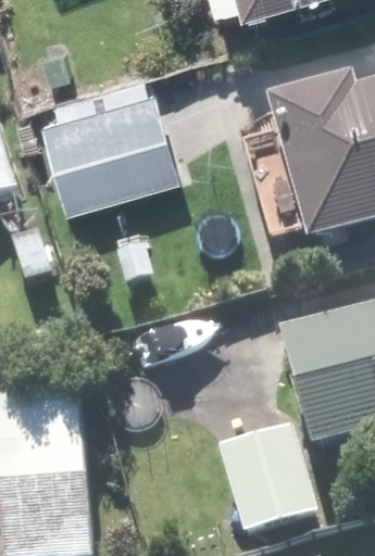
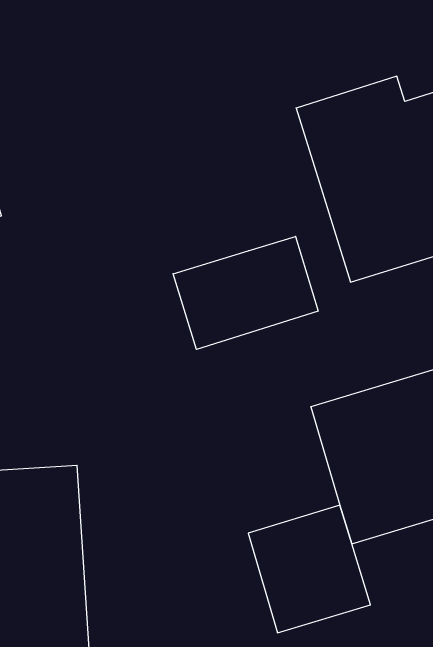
building: [37,72,183,199] -> none
building: none -> [173,236,318,349]

